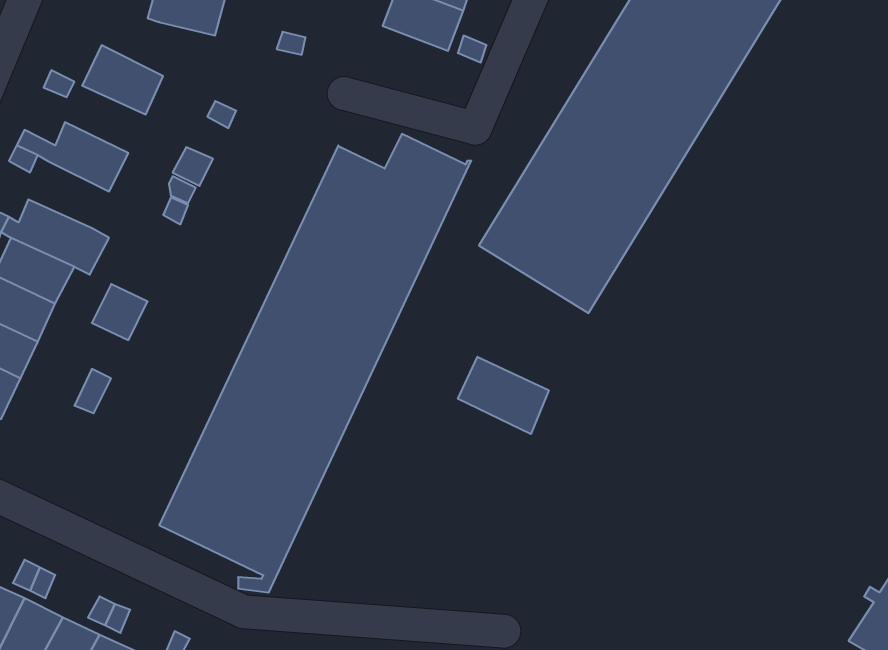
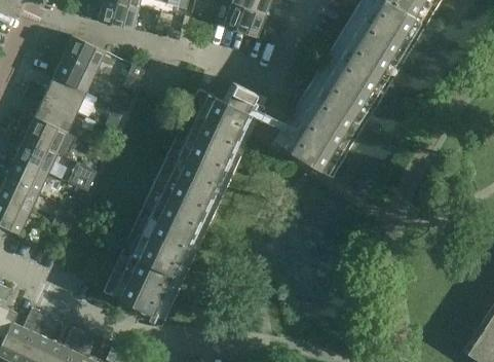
building: none -> [52,57,96,93]
building: none -> [33,97,76,133]
building: [458,357,549,434] -> none

